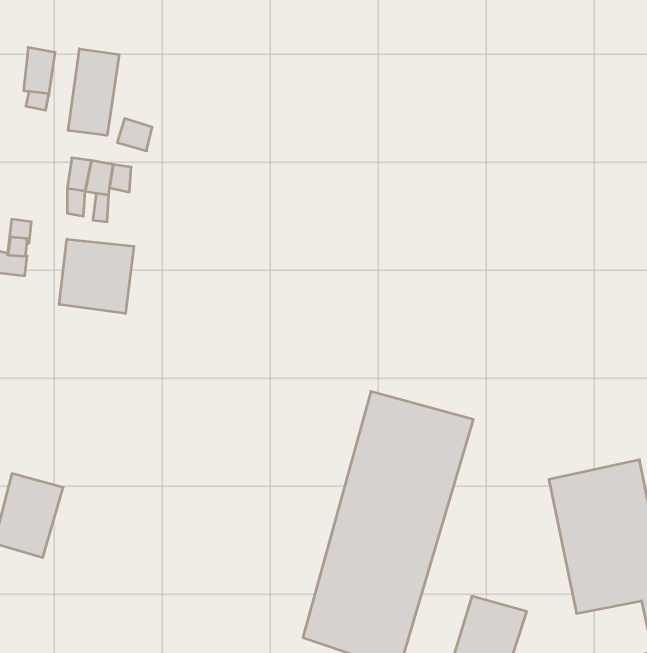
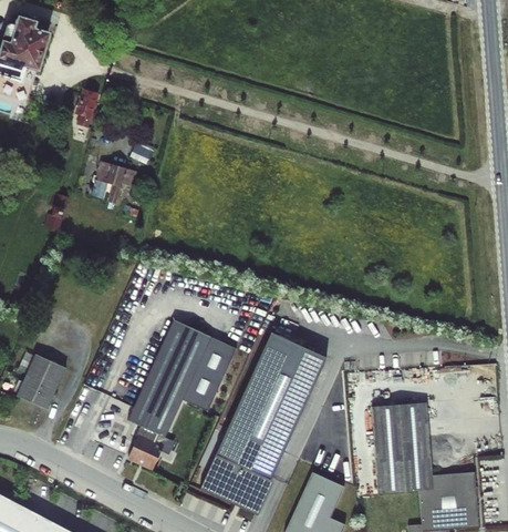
building: [68,49,119,135] -> none
building: [59,239,134,314] -> none
building: none -> [127,319,235,469]

